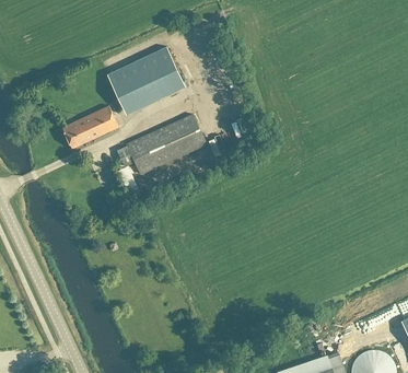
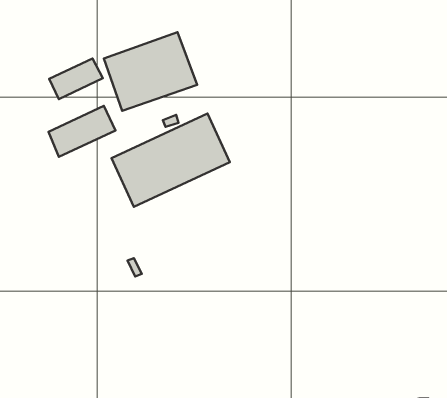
building: none -> [49,58,103,99]

